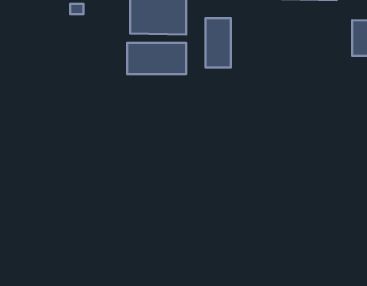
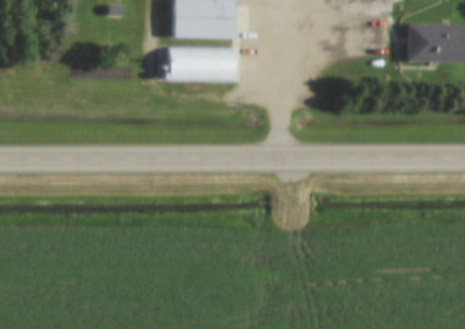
building: [206,18,231,68] -> none

